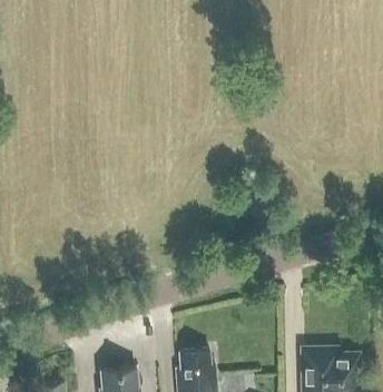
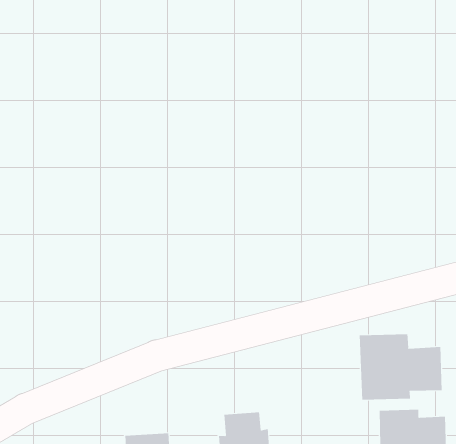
building: none -> [359,334,442,400]

